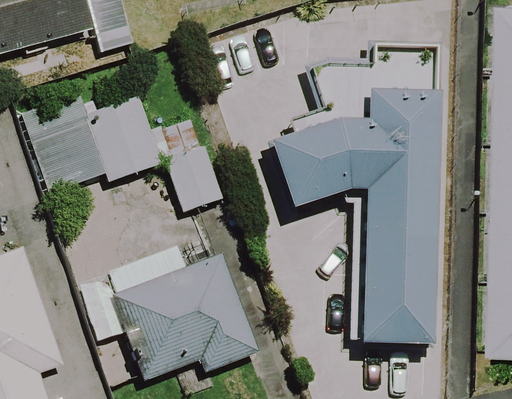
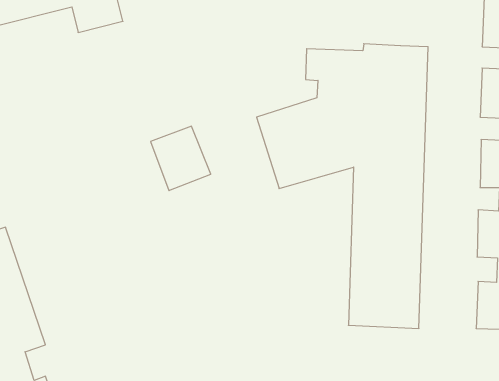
building: [33,98,163,191] -> none
building: [109,244,257,377] -> none

